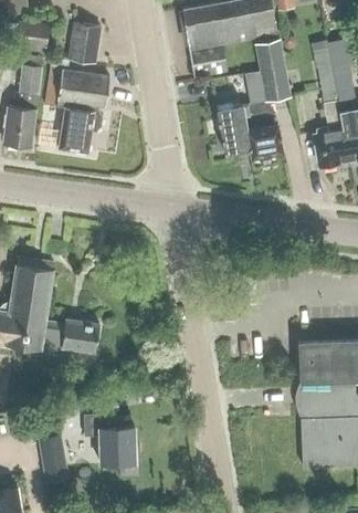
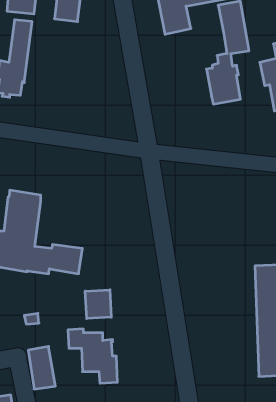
building: [44,66,109,153] -> none
building: [217,77,265,153] -> none
building: none -> [85,290,111,319]

